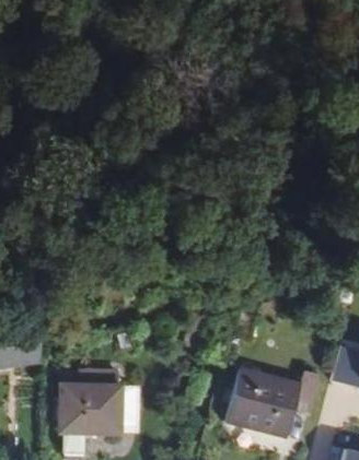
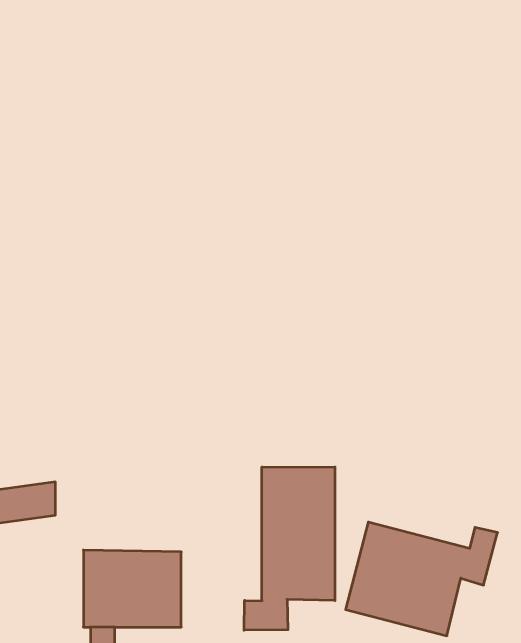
building: none -> [244,467,335,630]

